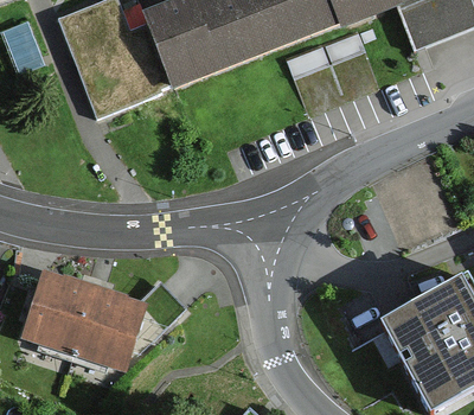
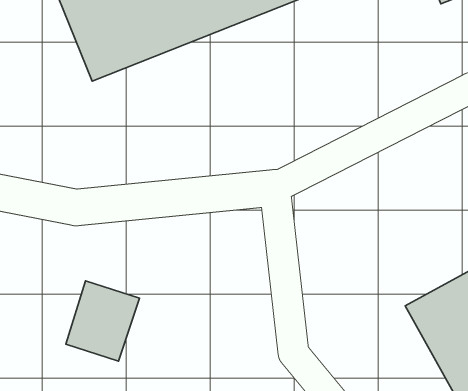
building: [27,280,94,352] -> none

